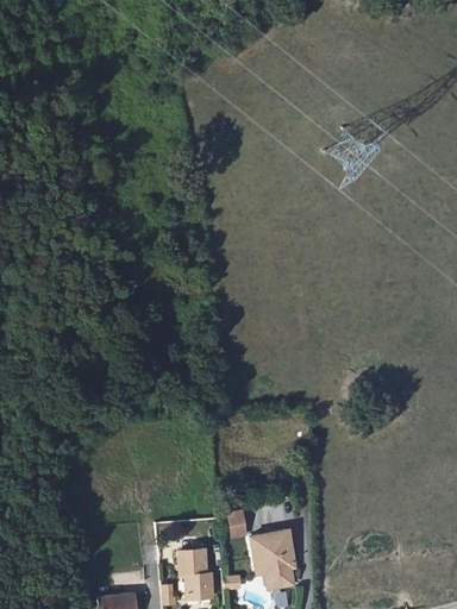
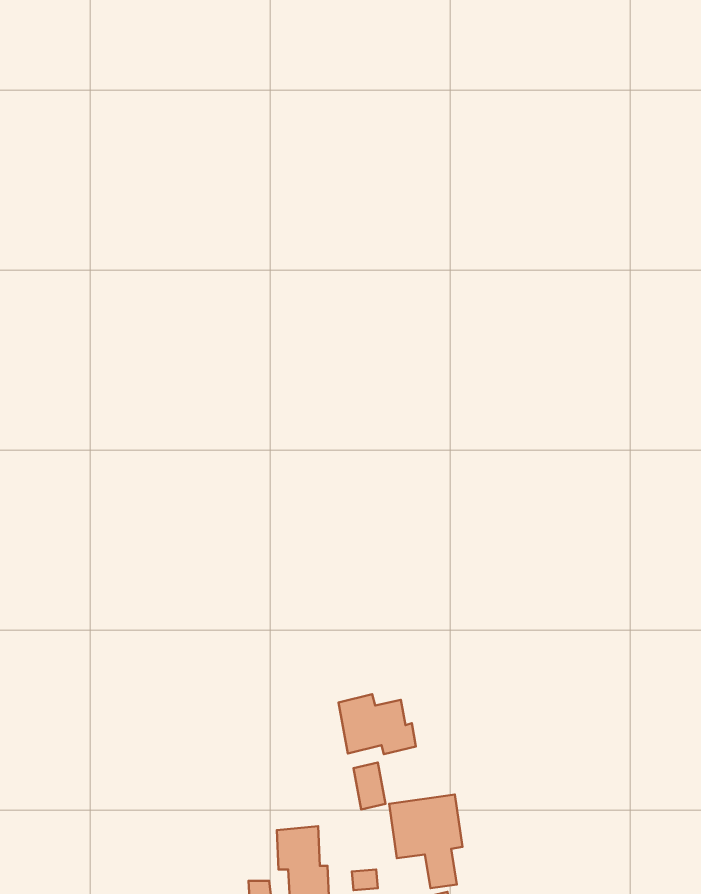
building: none -> [338,694,416,754]

